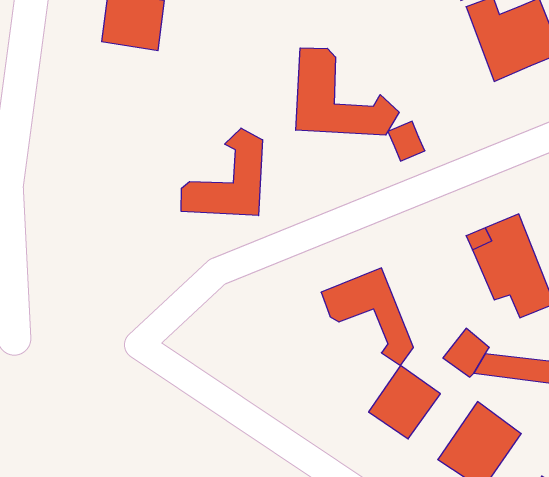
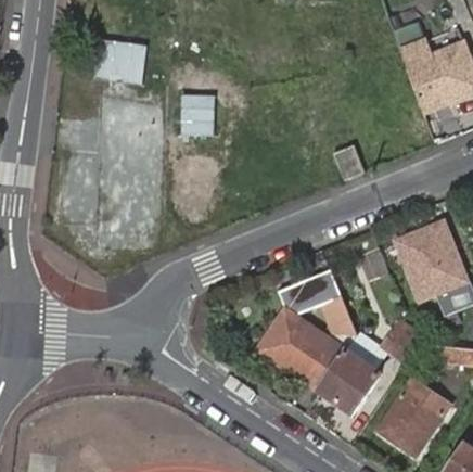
building: [296,48,399,135] -> none
building: none -> [177,92,212,133]
building: [181,128,263,216] -> none
building: none -> [259,310,346,391]

